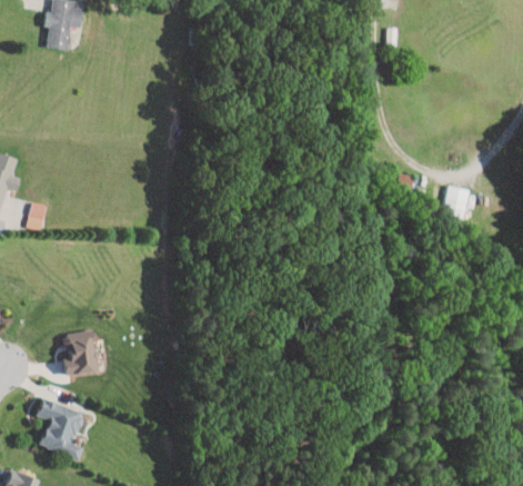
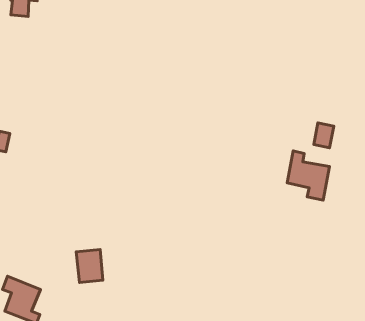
building: none -> [287,151,329,200]
building: [60,331,95,376] -> [76,249,103,283]

